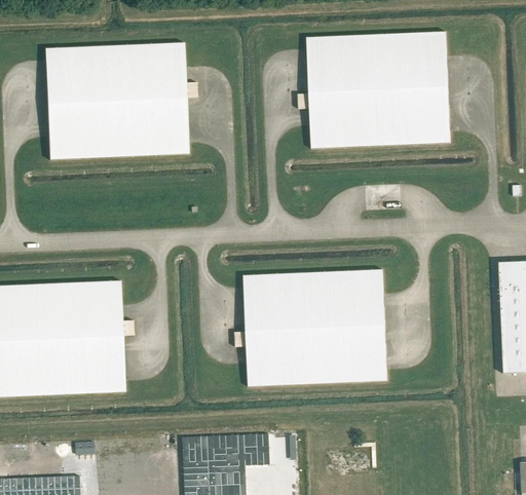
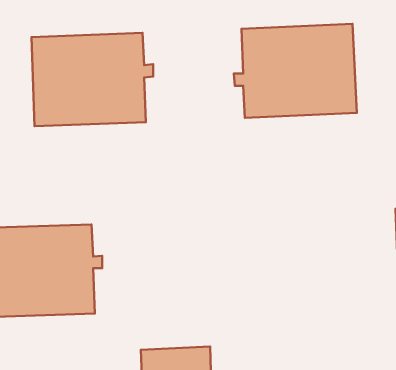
building: [235,268,387,385] -> none

